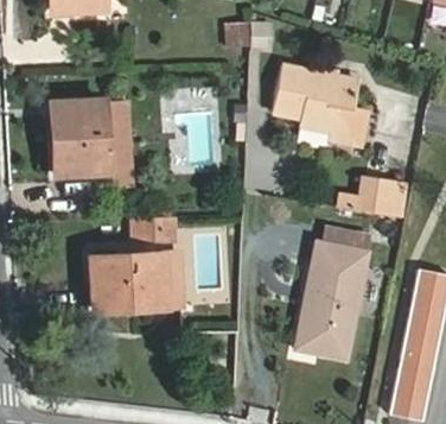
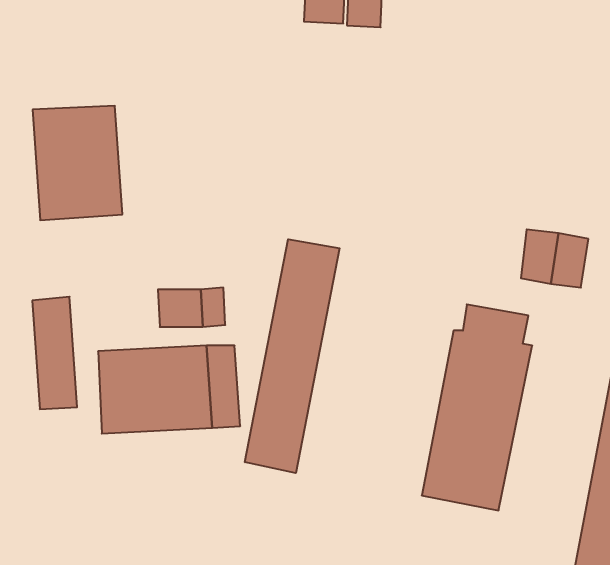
building: [273,64,359,134] -> none
building: [103,99,132,170] -> [32,297,77,409]
building: none -> [245,239,340,473]

